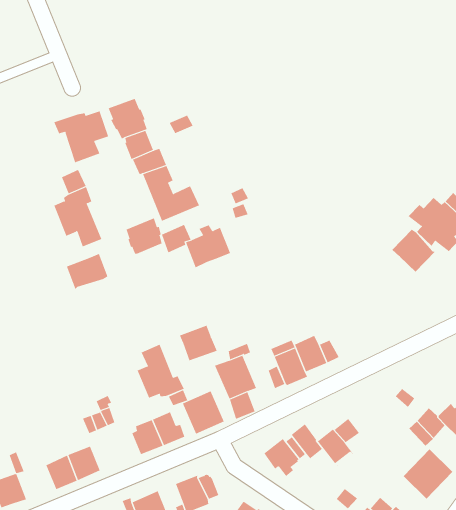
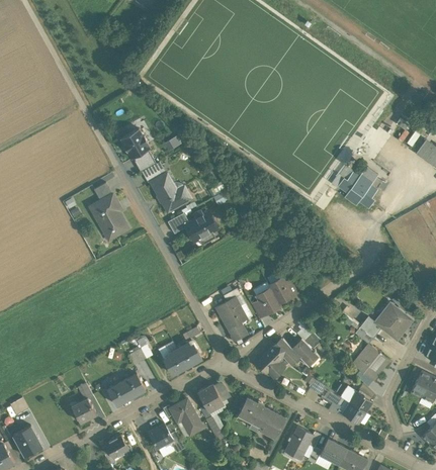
building: [54,110,109,163] -> none
building: [126,218,162,255] -> none
building: [392,229,436,273] -> none
building: [66,253,108,290] -> none
building: [179,324,218,361] -> none
building: [137,344,184,399] -> none
building: [182,390,224,434] -> none

